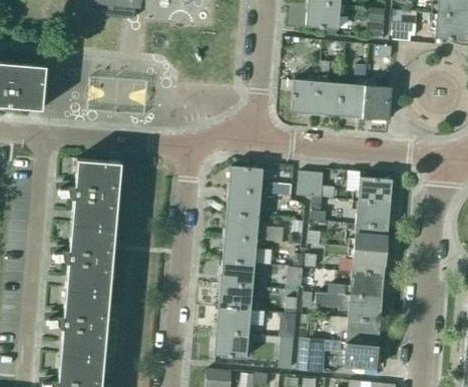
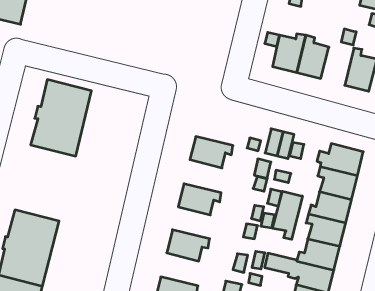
building: [340,80,367,118] -> none
building: [228,165,267,194] -> none
building: [224,214,263,241] -> none
building: [65,224,116,293] -> none
building: none -> [273,191,302,239]
building: [220,261,259,287] -> none
building: [216,307,255,334] -> none

